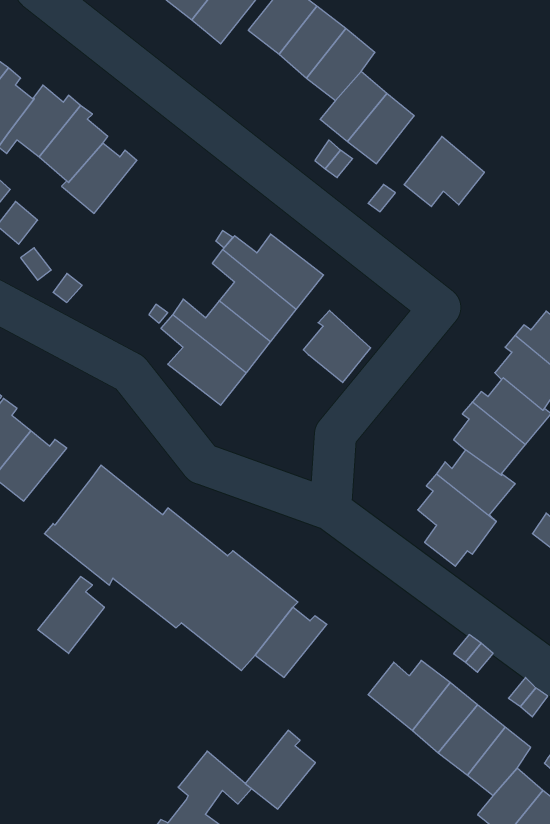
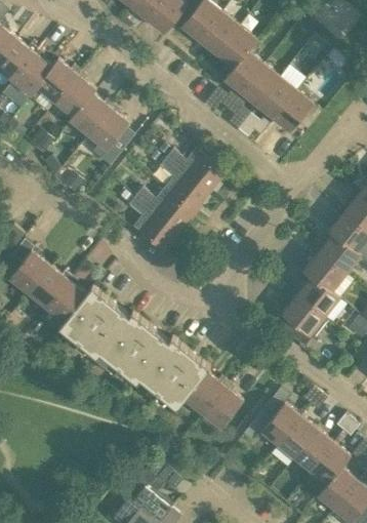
building: none -> [257,78,296,119]
building: none -> [88,105,135,167]
building: [303,310,371,383] -> none
building: [38,577,104,654] -> [46,277,86,323]
building: [245,730,315,809] -> [202,383,244,430]

